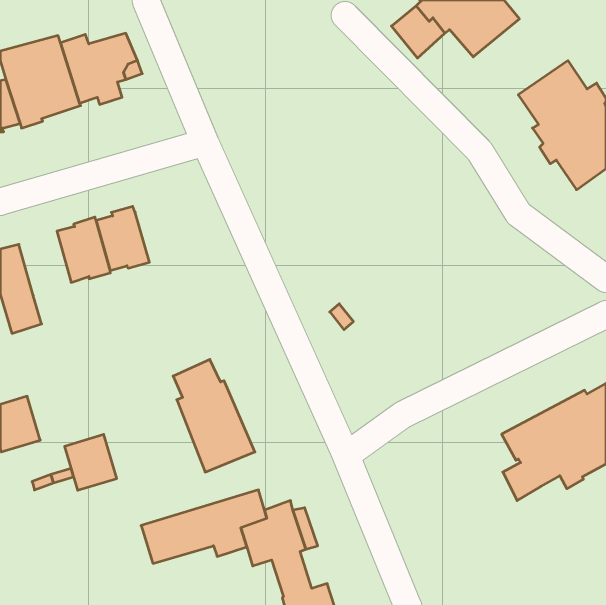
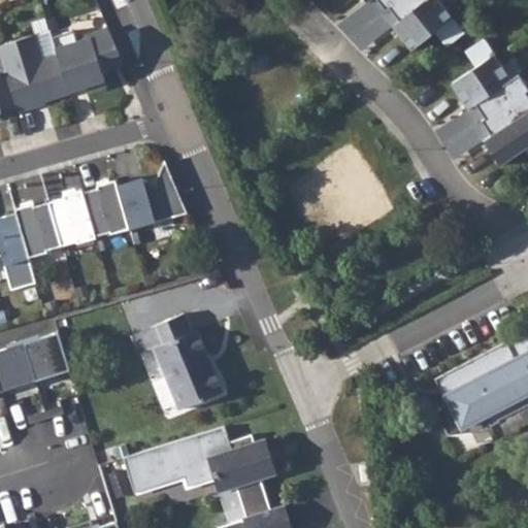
building: none -> [437,112,478,159]
building: none -> [118,161,187,230]
building: none -> [15,202,62,258]
building: [65,434,117,490] -> [24,335,69,384]

